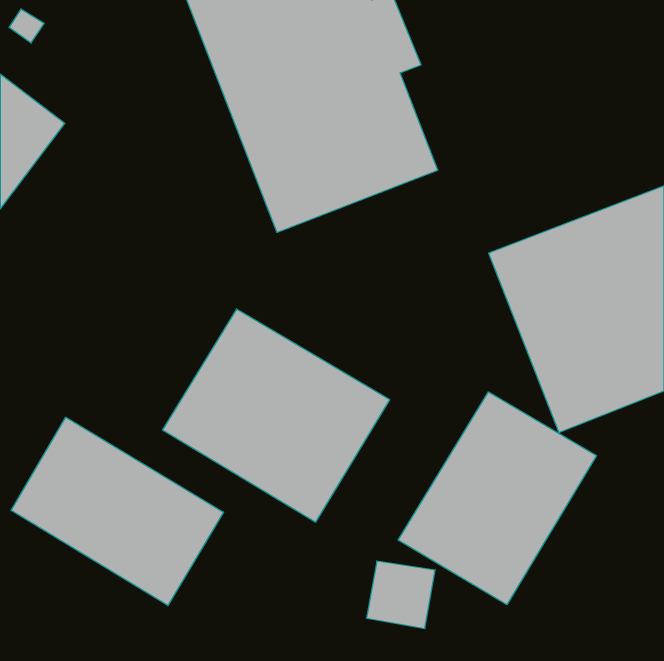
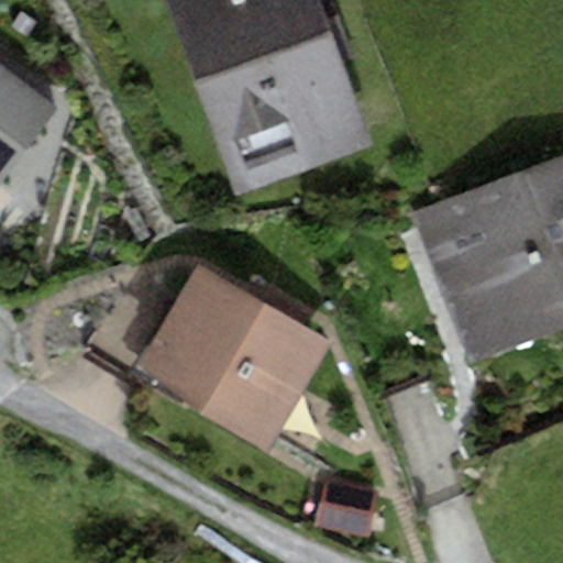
building: [398,392,597,605] -> none
building: [11,417,224,606] -> none

